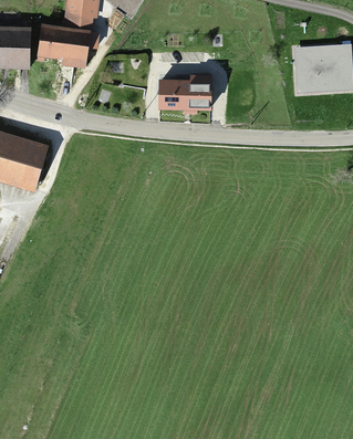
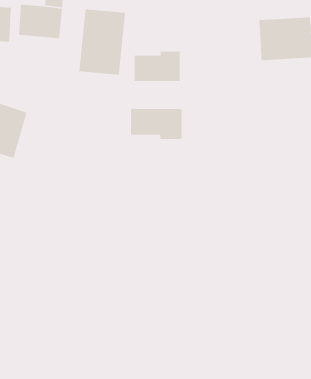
building: none -> [78,8,126,75]
building: none -> [130,108,183,140]

